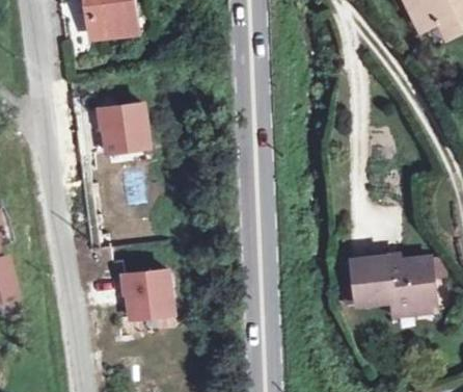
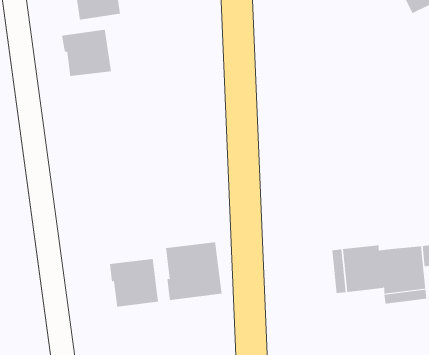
building: [101,104,151,151] -> [61,29,112,77]
building: none -> [166,242,222,301]

